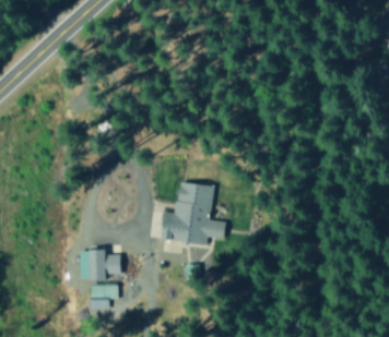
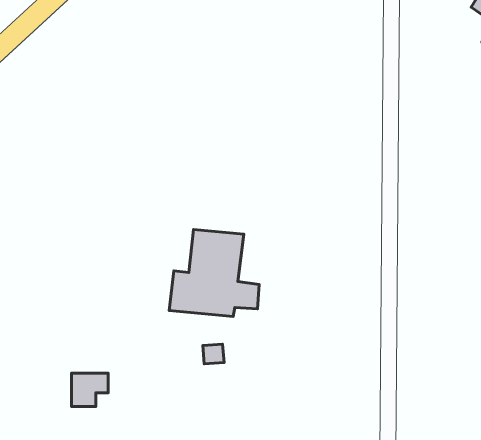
building: [81,250,122,280] -> none

